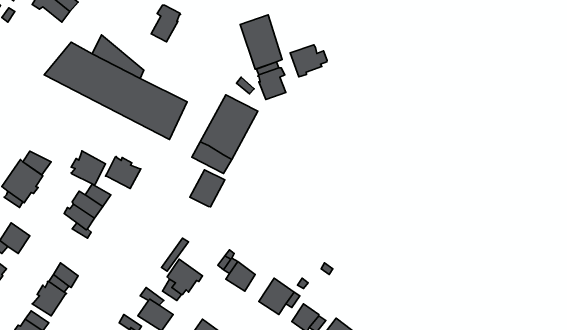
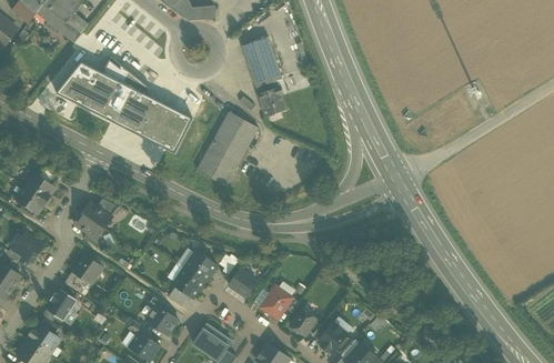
building: [151,5,181,42] -> none
building: [290,45,327,77] -> none
building: [71,151,106,186] -> none
building: [105,157,141,188] -> none
building: [190,170,225,207] -> none
building: none -> [183,250,215,282]
building: none -> [71,253,102,283]

